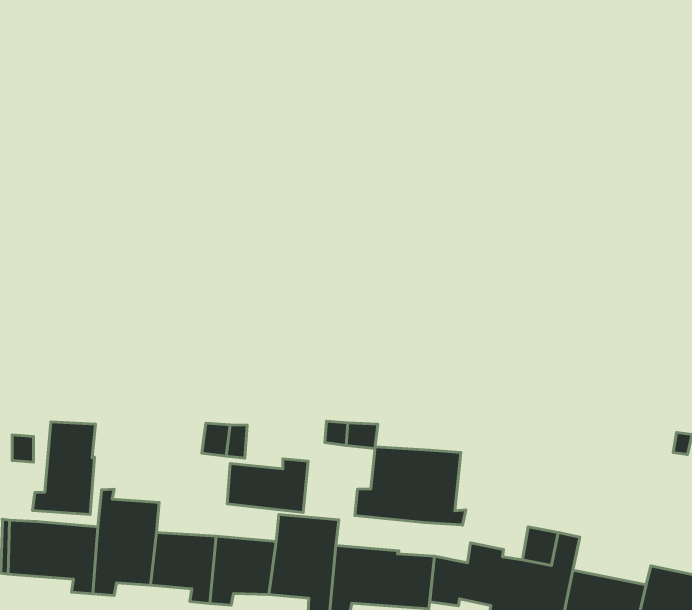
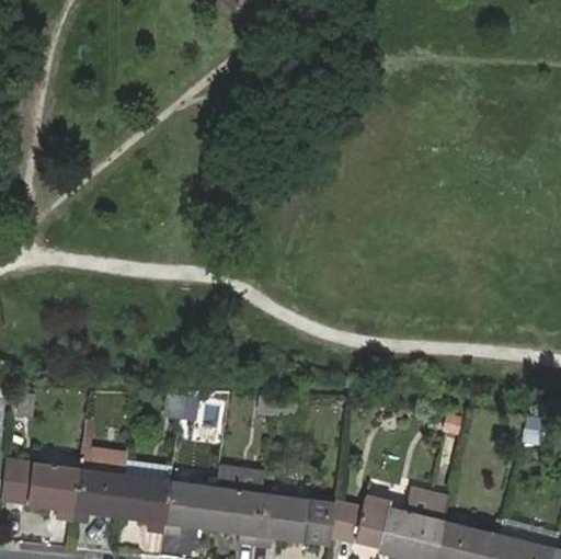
building: [32,422,95,514] -> none
building: [355,447,466,525] -> none
building: [227,459,308,513] -> none

